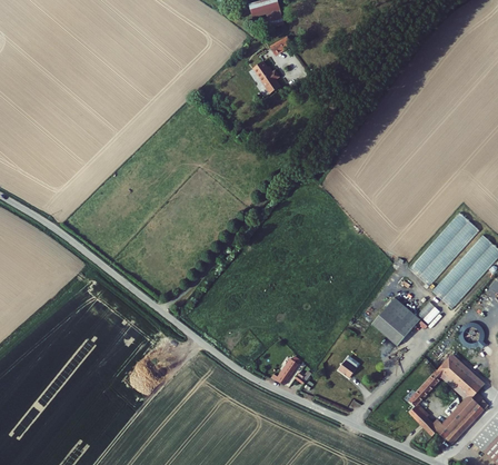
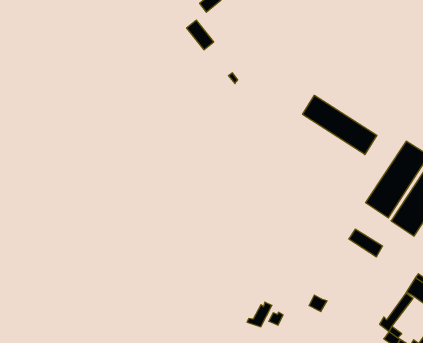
building: none -> [303,95,377,155]
building: [370,305,411,345] -> none

